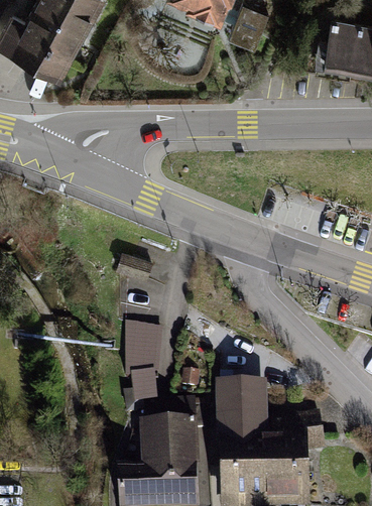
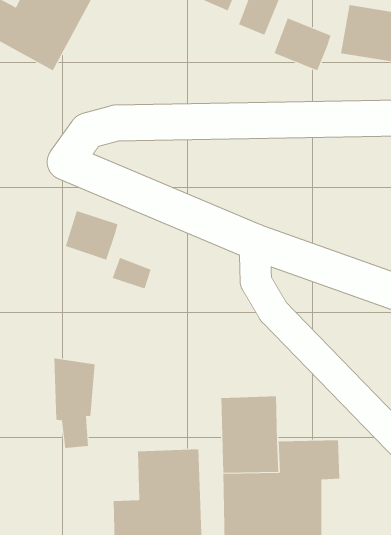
building: none -> [274,17,331,71]
building: none -> [65,210,118,260]
building: [123,318,161,400] -> [53,358,96,449]

